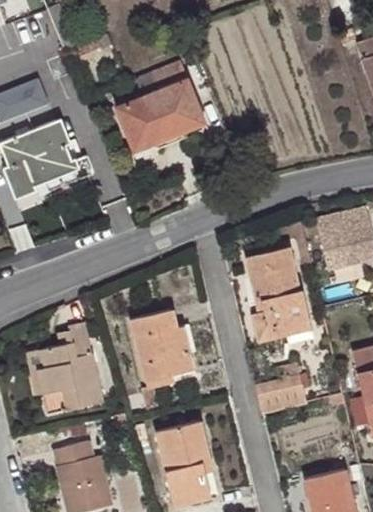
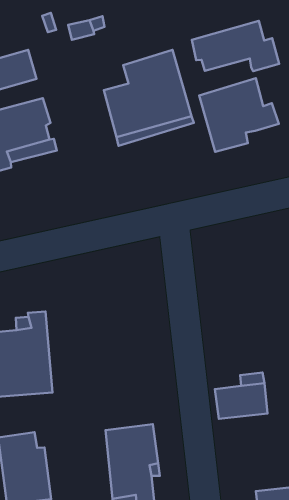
building: none -> [192,21,279,71]
building: none -> [199,78,279,152]
building: [251,244,312,339] -> none
building: [127,311,192,390] -> none

